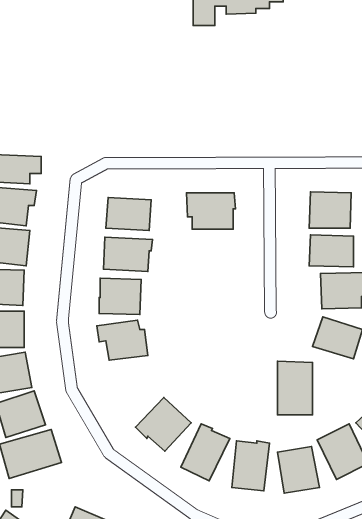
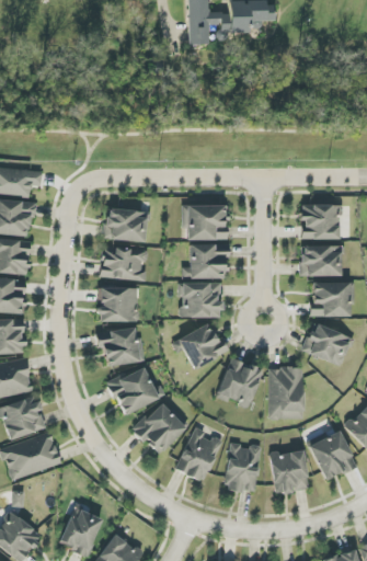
building: none -> [182,244,229,278]
building: none -> [179,283,221,318]
building: none -> [176,324,230,370]
building: none -> [217,358,264,408]
building: none -> [107,365,160,415]

